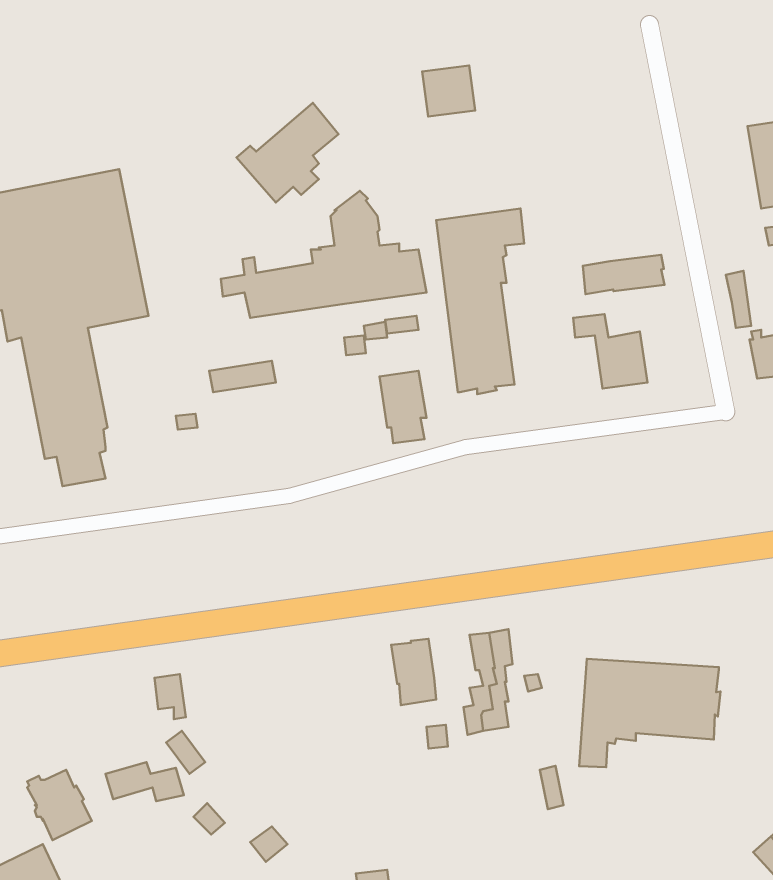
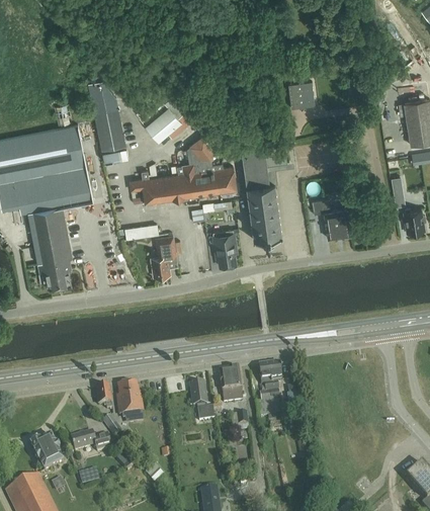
building: [422,65,475,116] -> [288,82,316,108]
building: none -> [89,77,128,163]
building: [583,255,664,294] -> none
building: none -> [152,237,176,277]
building: [579,659,721,767] -> none
building: none -> [117,382,142,416]
building: none -> [190,384,216,422]

